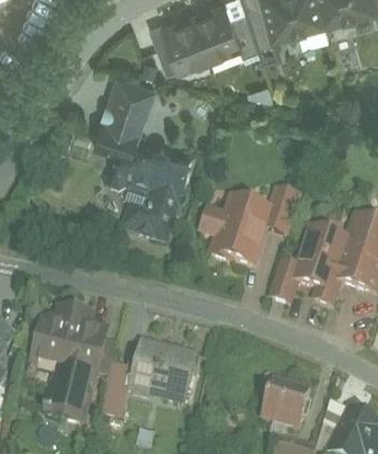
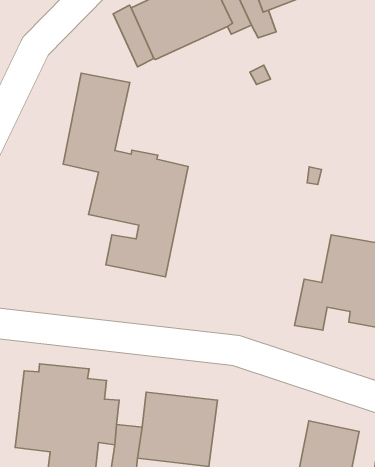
building: [196,186,300,271] -> none

